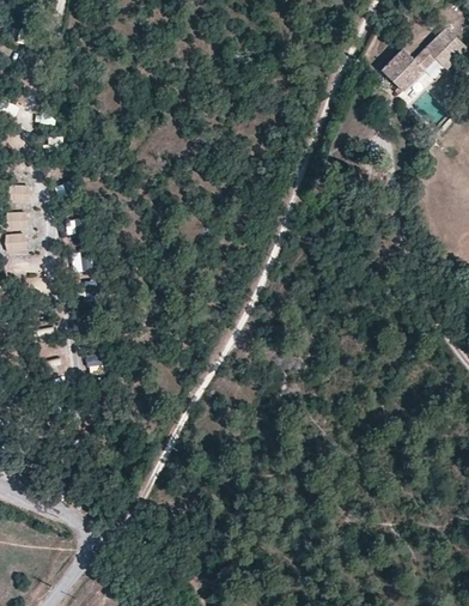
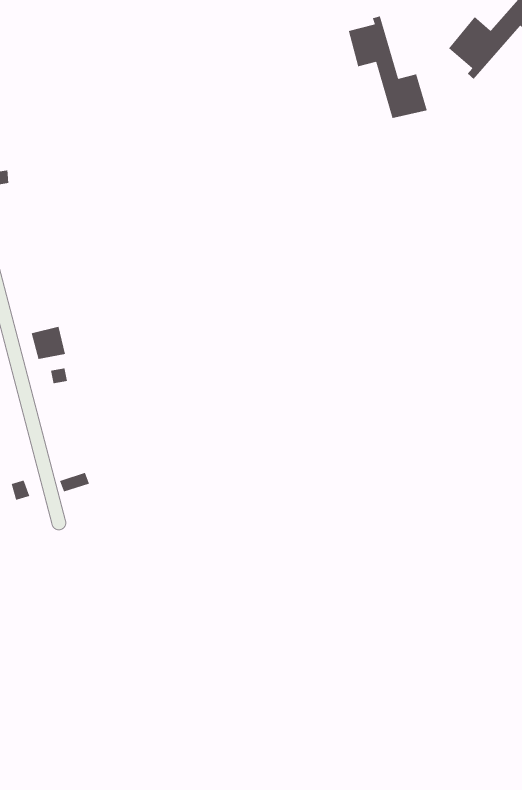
building: none -> [348,16,427,119]

